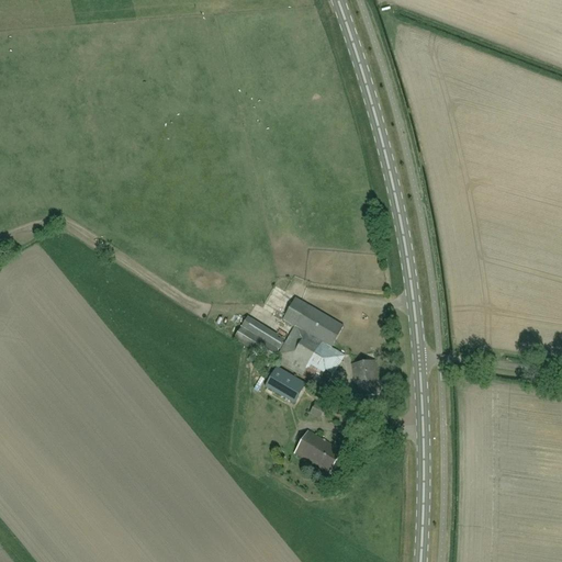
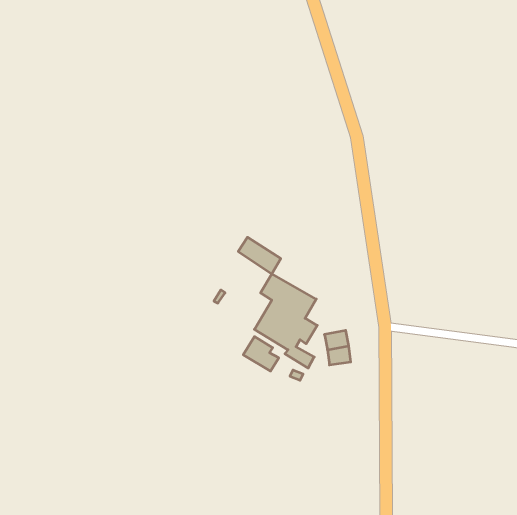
building: [239,314,285,353] -> [238,237,281,274]
building: [294,428,341,471] -> none

